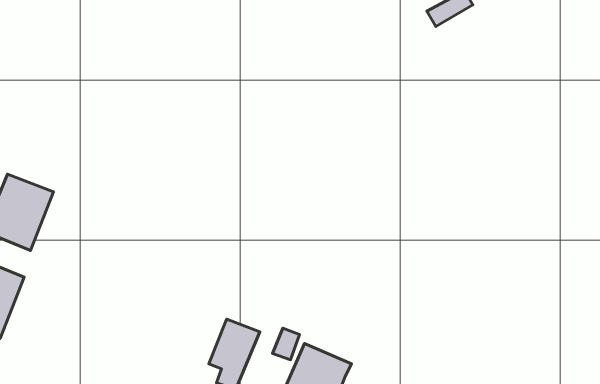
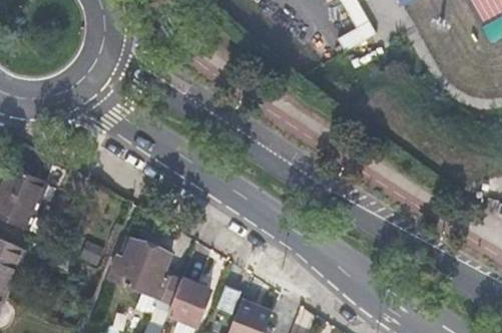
building: none -> [109,240,180,327]

